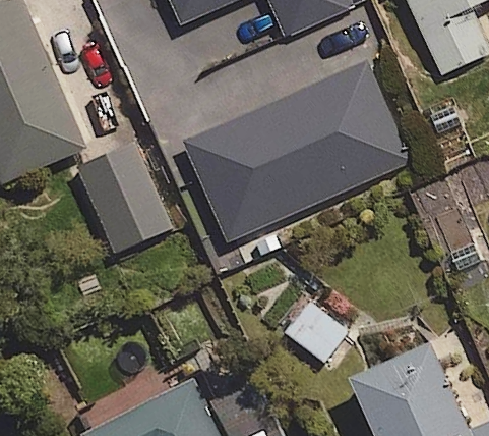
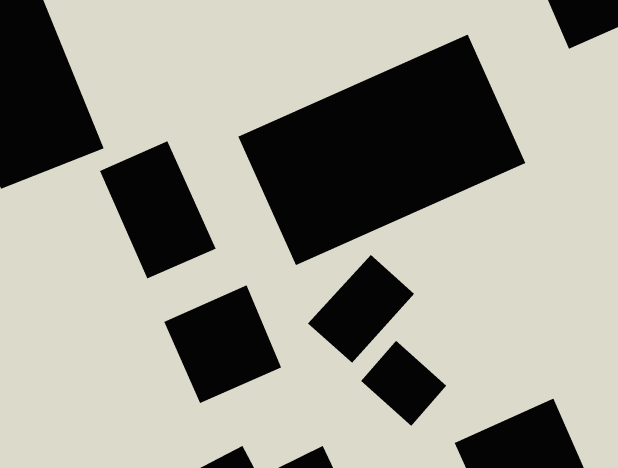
building: none -> [307,254,415,364]
building: none -> [164,284,282,404]

